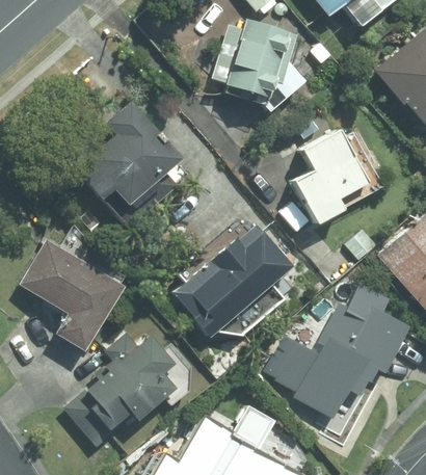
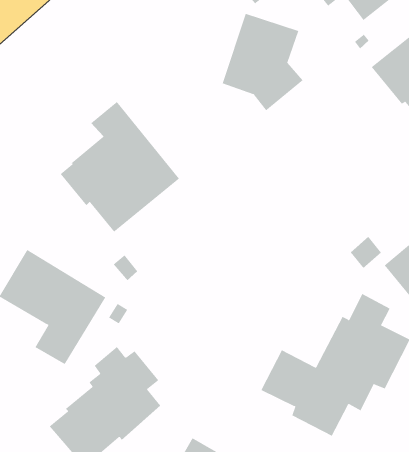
building: [294,131,368,225] -> none
building: [179,223,294,333] -> none

